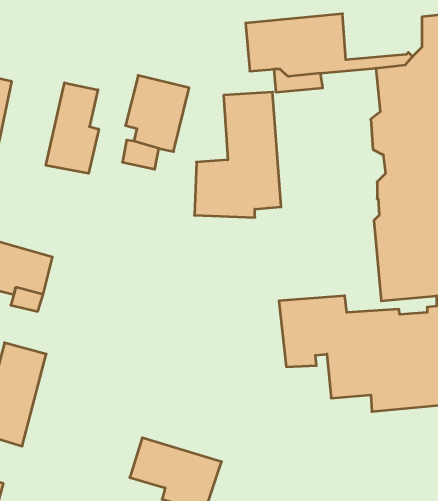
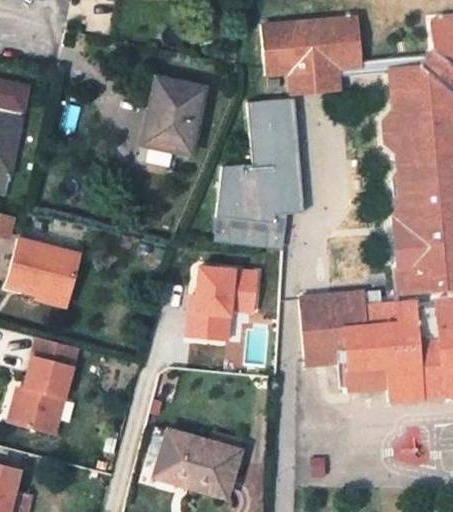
building: [46,83,99,173] -> none
building: none -> [213,208,285,242]
building: none -> [192,257,264,330]

